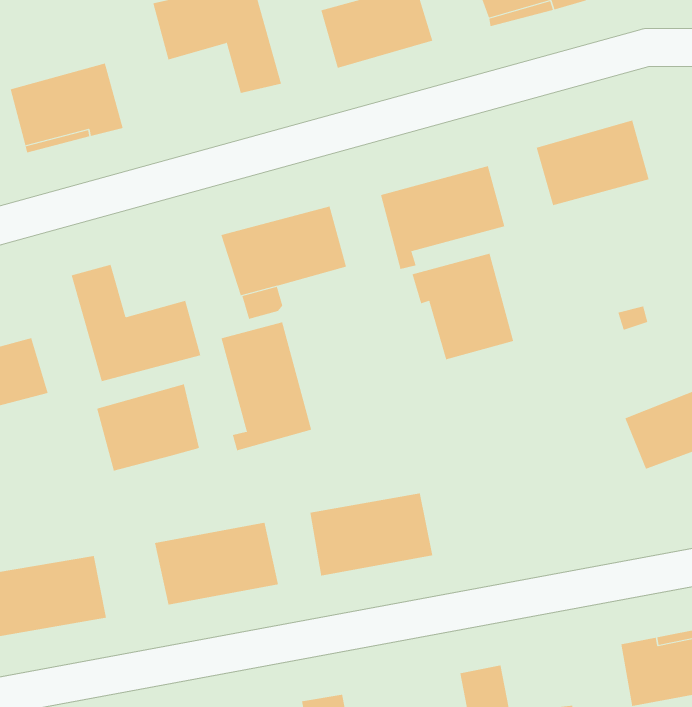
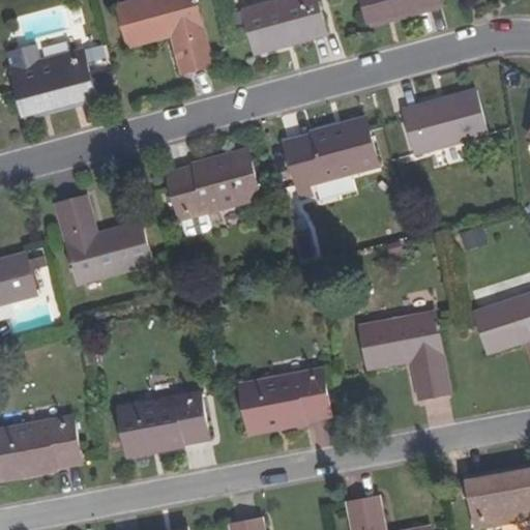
building: [412,253,514,360] -> none
building: [221,321,312,451] -> none
building: [96,384,199,471] -> none
building: none -> [356,312,448,398]

